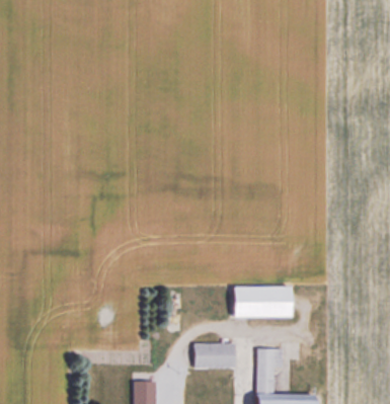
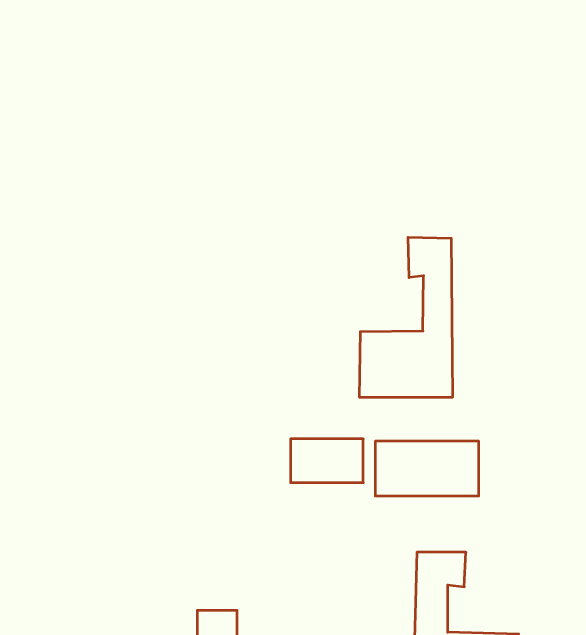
building: none -> [360,237,452,397]
building: [194,343,235,368] -> [291,439,363,483]

